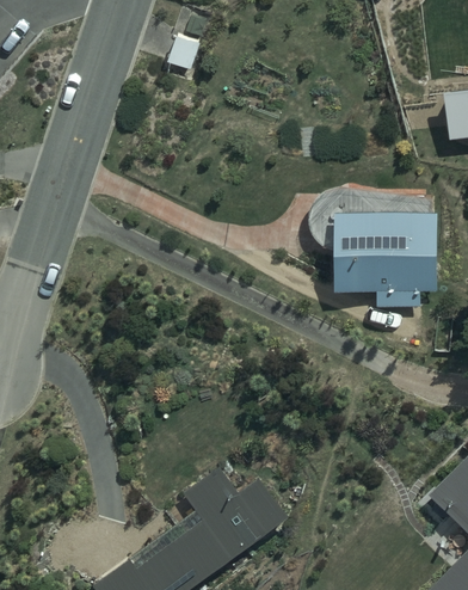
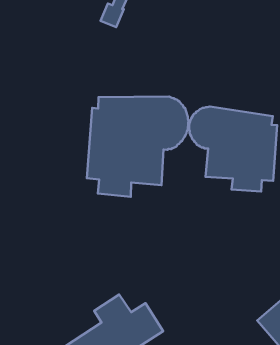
building: none -> [87,97,188,197]

